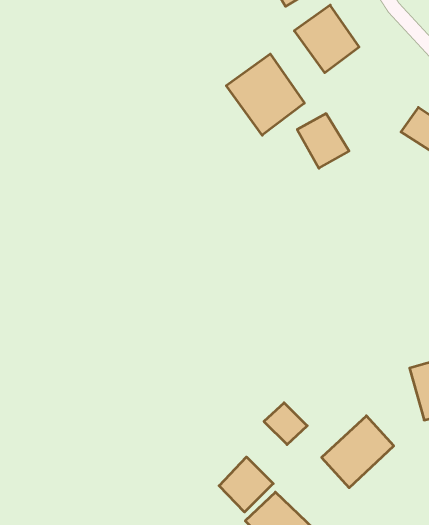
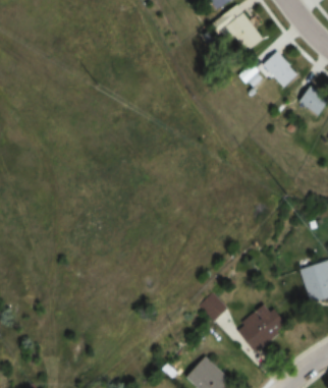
building: [226,54,304,135] -> none
building: [297,114,349,168] -> [260,52,296,91]
building: [219,457,273,512] -> none

